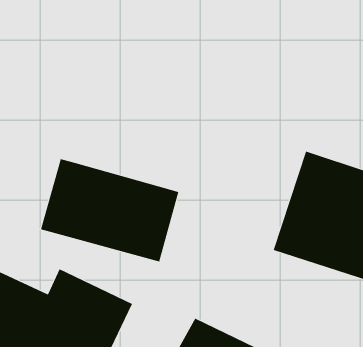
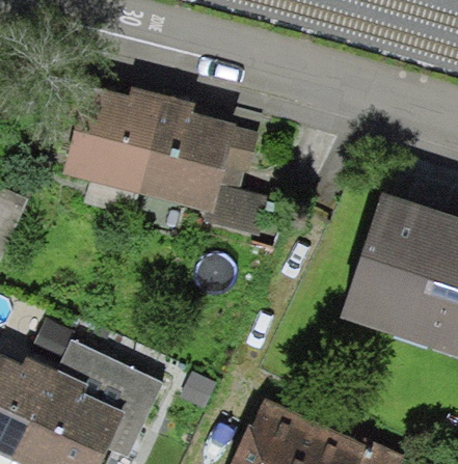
building: [40,159,179,262] -> [69,85,241,214]

